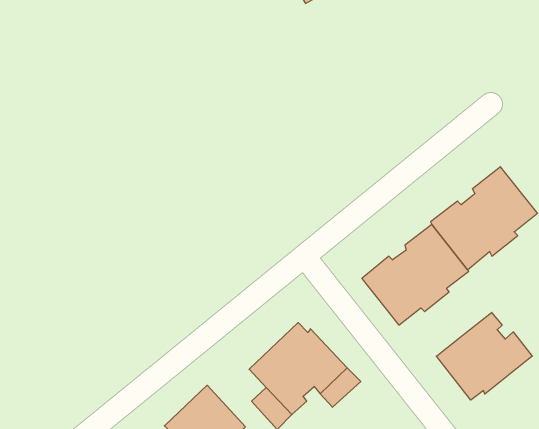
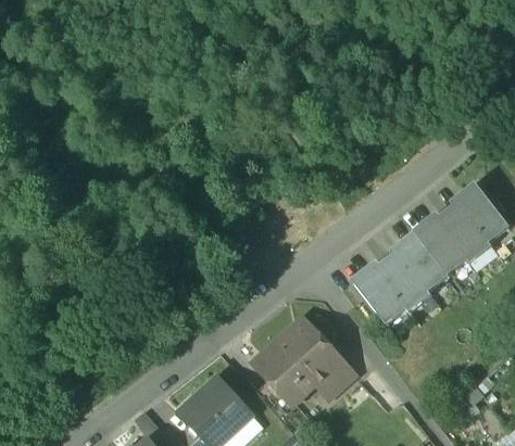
building: [436,312,532,400] -> none

